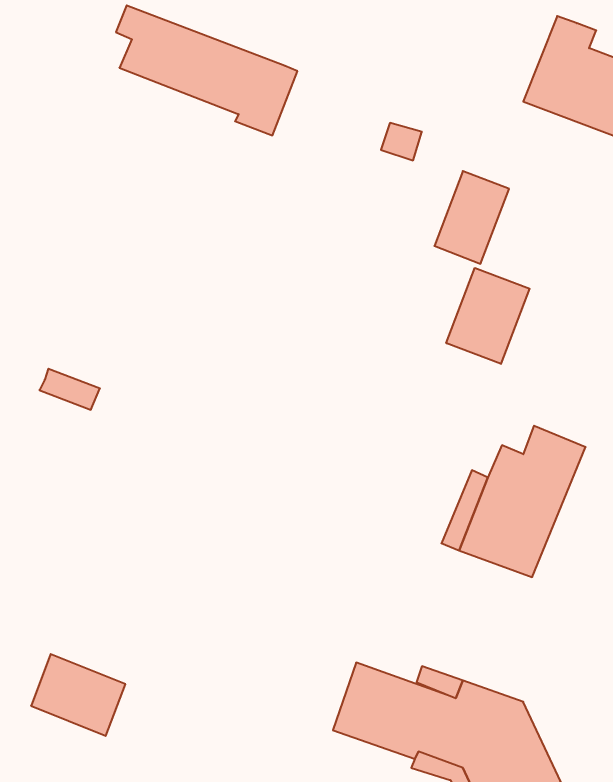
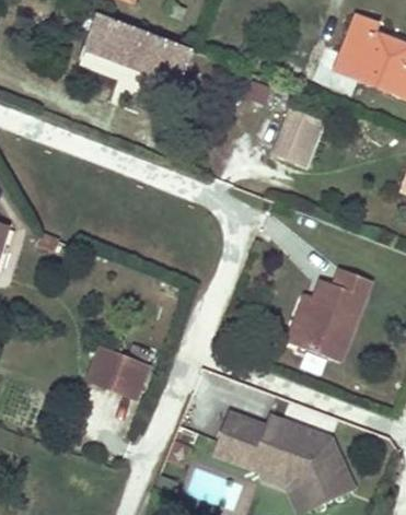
building: [446,268,530,364] -> none
building: [31,654,125,736] -> [95,352,153,402]

